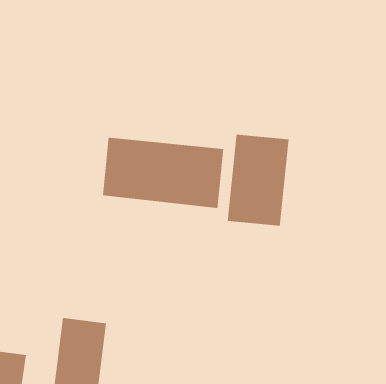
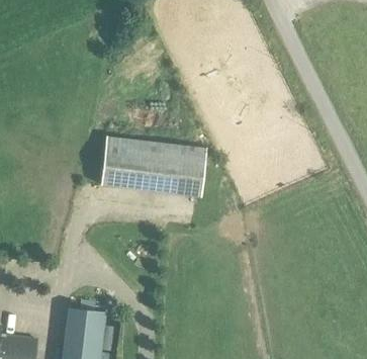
building: [227,134,289,227] -> none

